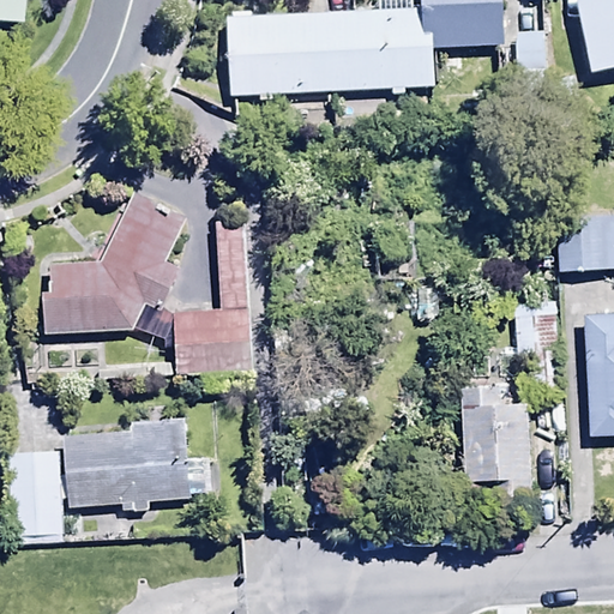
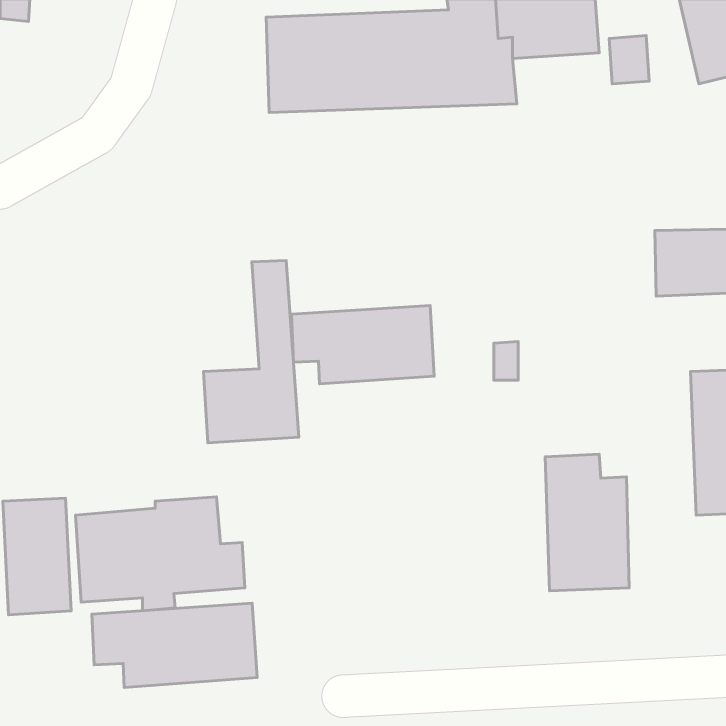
building: [42,193,185,339] -> none
building: none -> [292,305,434,384]
building: none -> [92,603,257,688]

